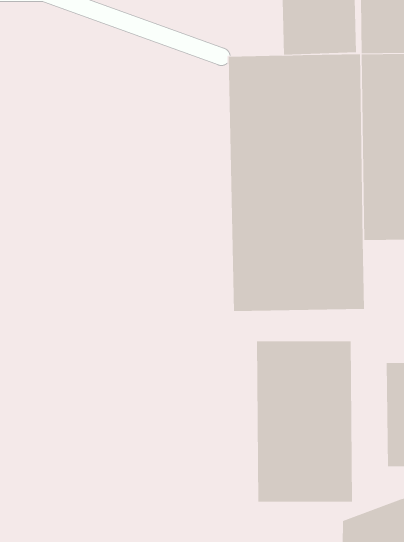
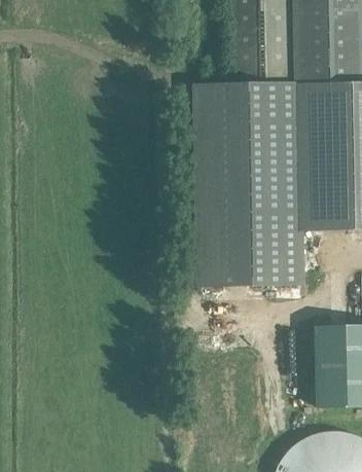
building: [257,340,352,502] -> none

